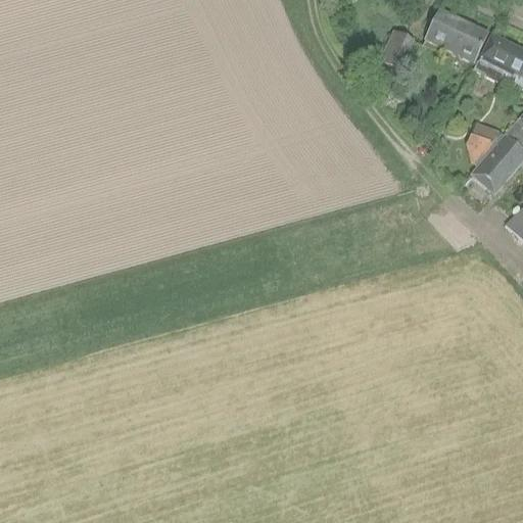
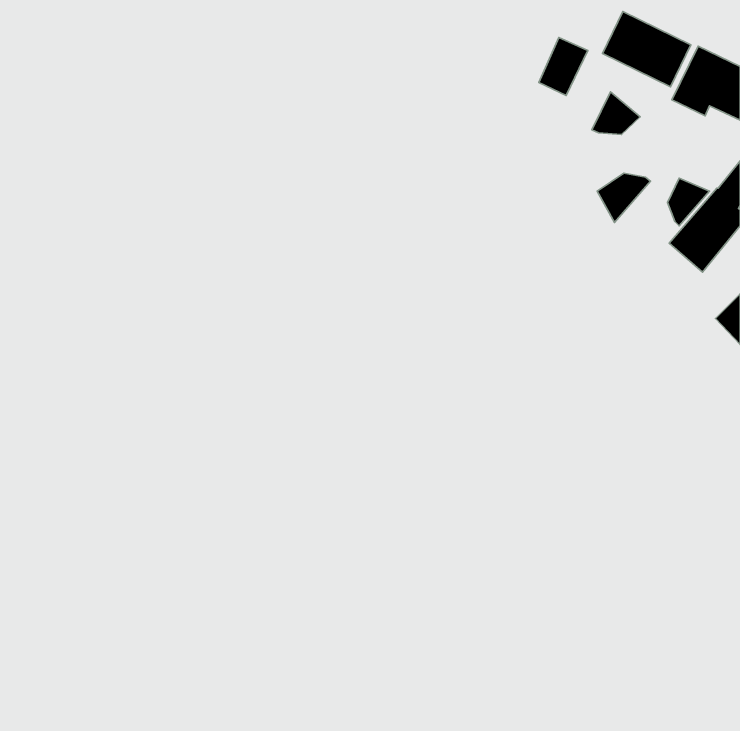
building: none -> [592,92,640,135]
building: none -> [597,173,651,222]

